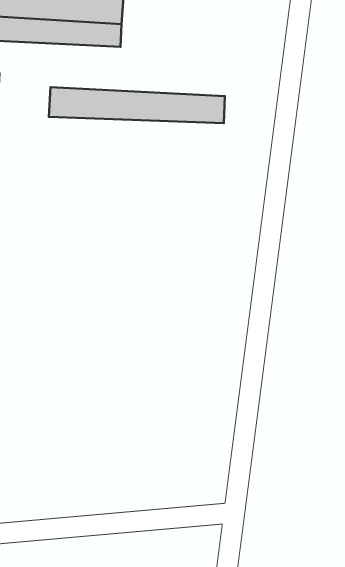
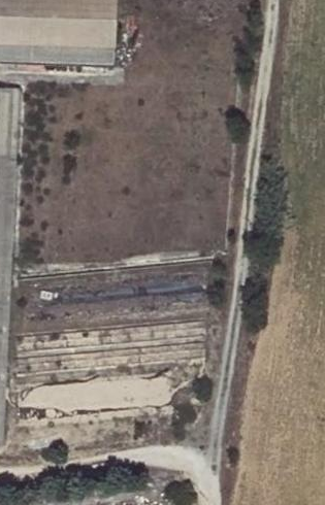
building: [49,87,225,123] -> none

